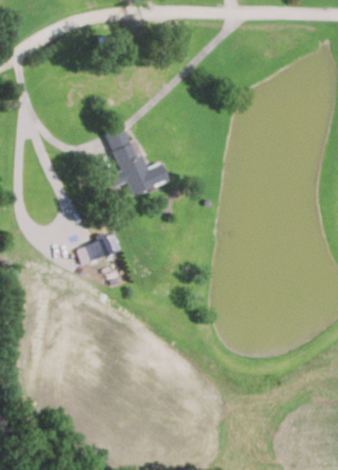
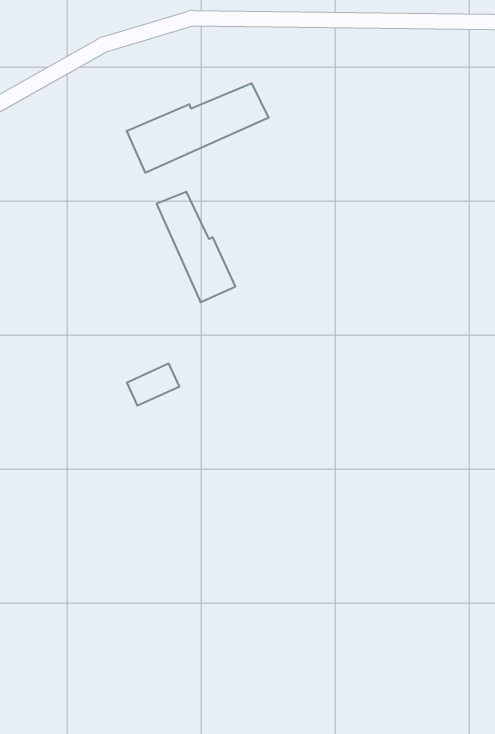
building: none -> [127,83,268,173]

